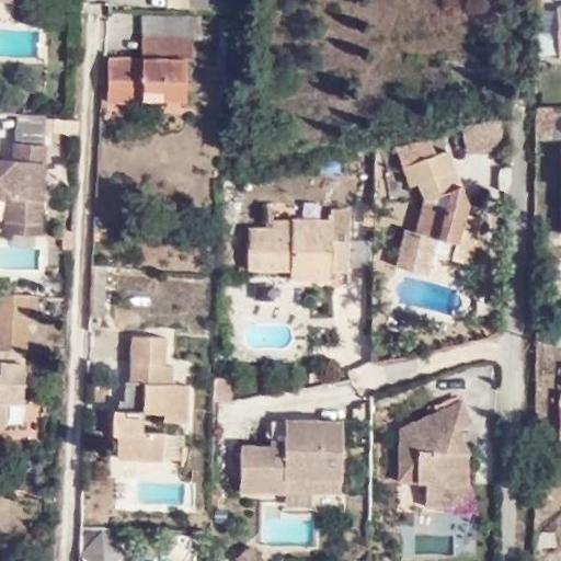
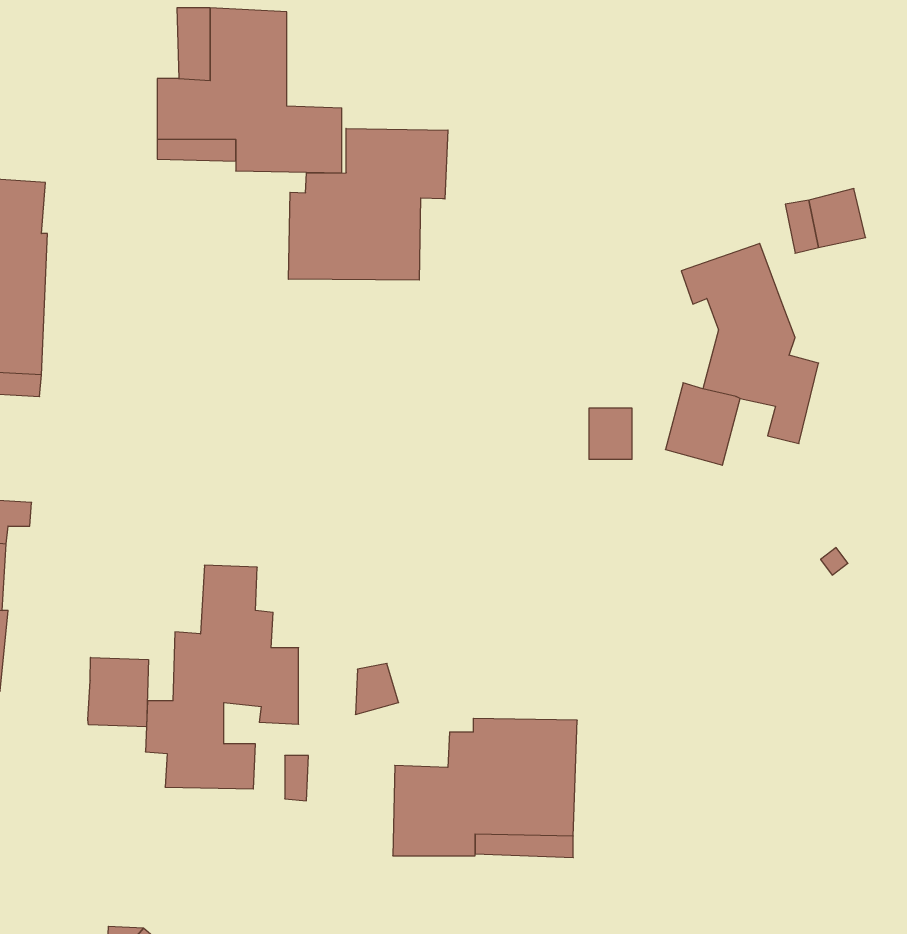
building: none -> [288,128,448,280]
building: [245,210,343,282] -> none
building: none -> [88,657,148,727]
building: [398,399,474,508] -> none

